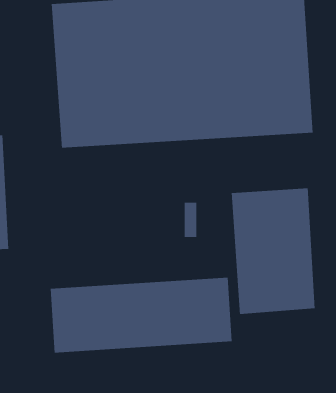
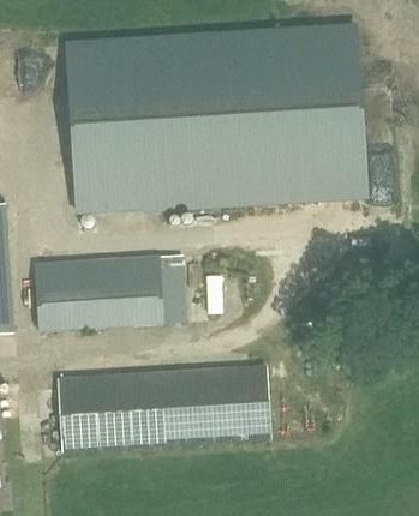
building: none -> [35,253,184,329]
building: [231,187,315,315] -> none

